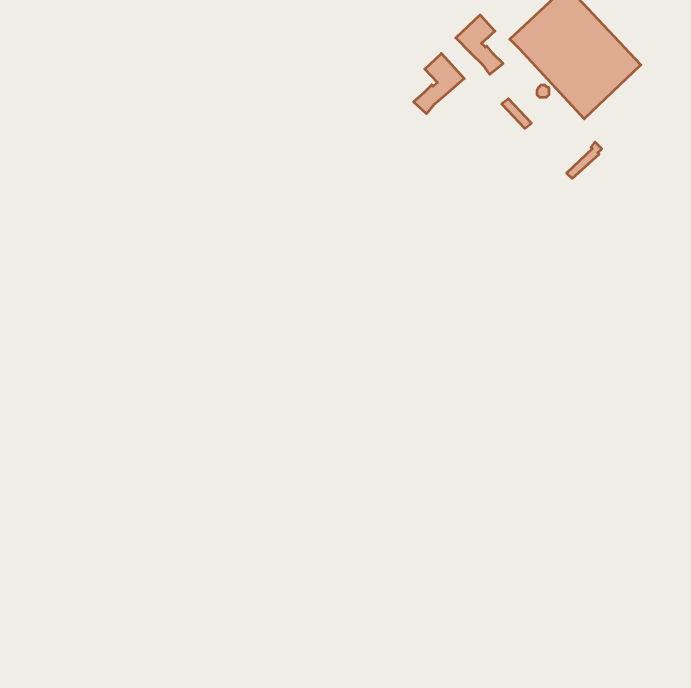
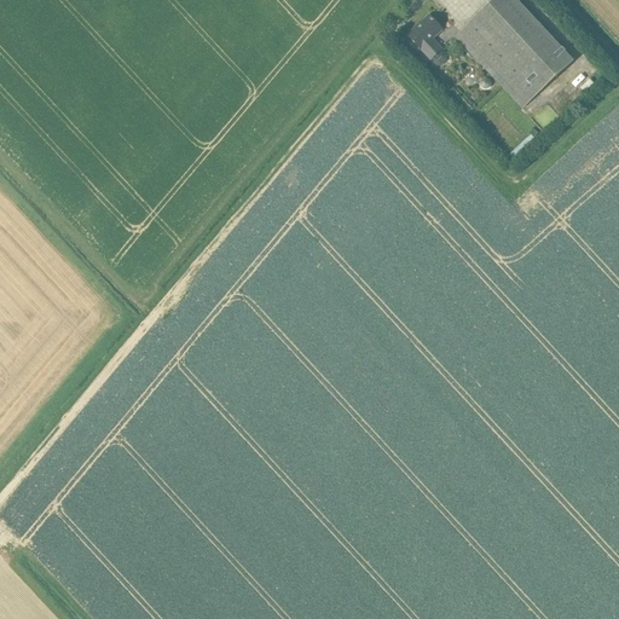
building: [414,53,464,114] -> none

